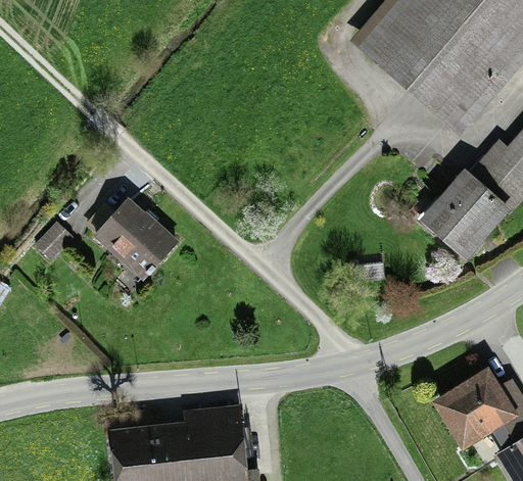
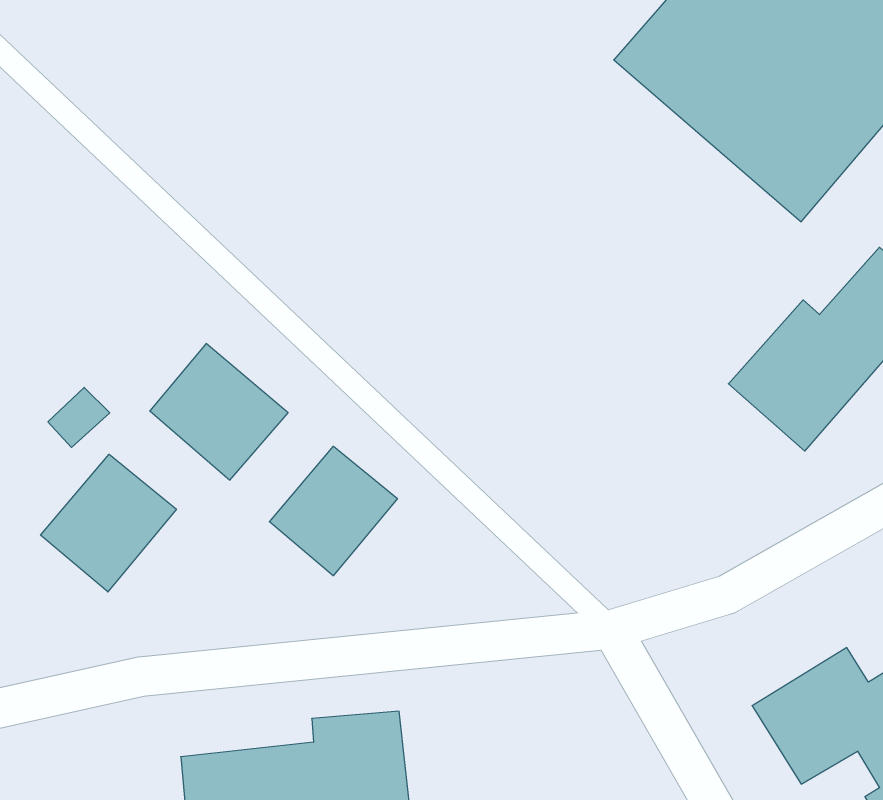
building: none -> [269,446,397,576]
building: none -> [41,454,176,592]

